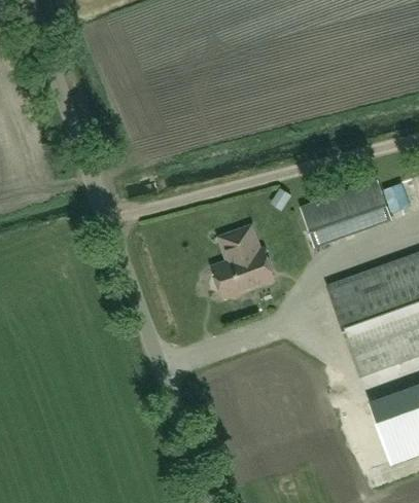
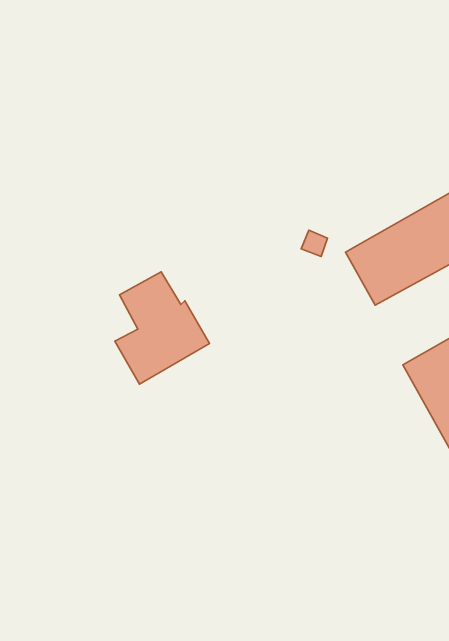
building: [213,224,275,295] -> [115,272,210,384]

